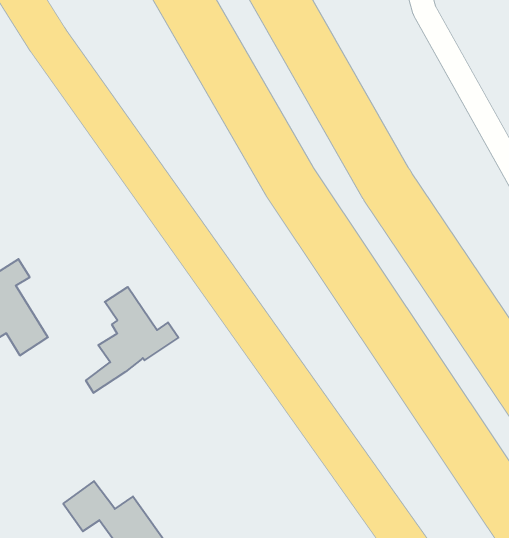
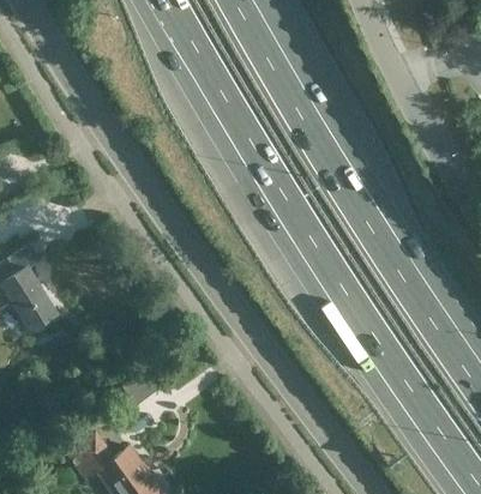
building: [86,287,178,393] -> none

